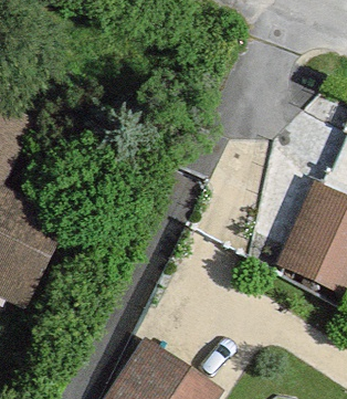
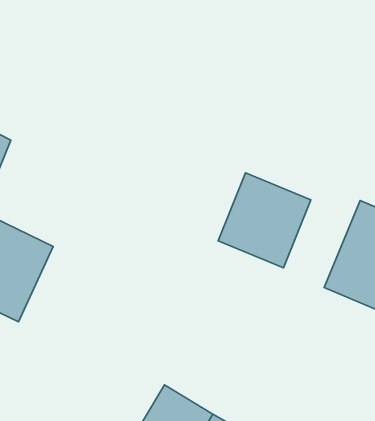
building: none -> [218,173,311,268]

